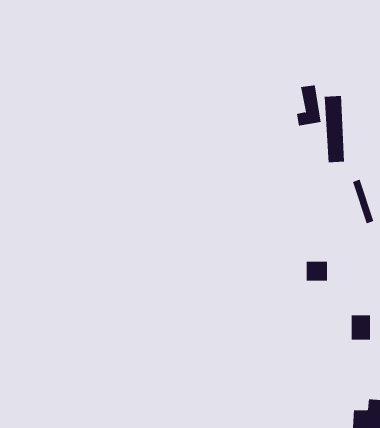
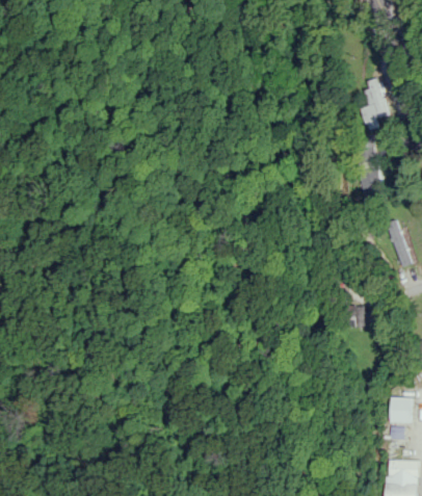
building: [296,85,321,126] -> [362,79,388,122]
building: [351,315,371,340] -> [391,398,412,424]

